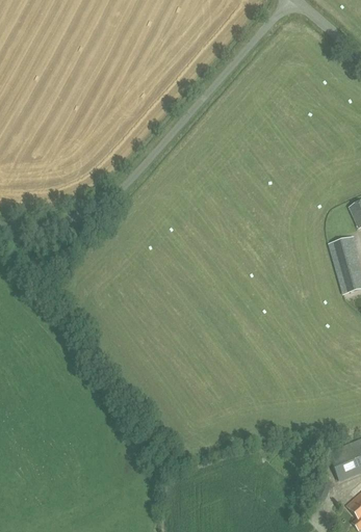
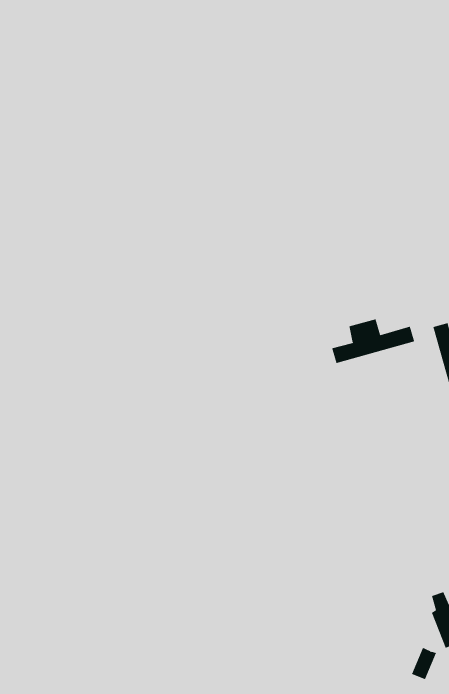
building: none -> [331,318,415,364]

